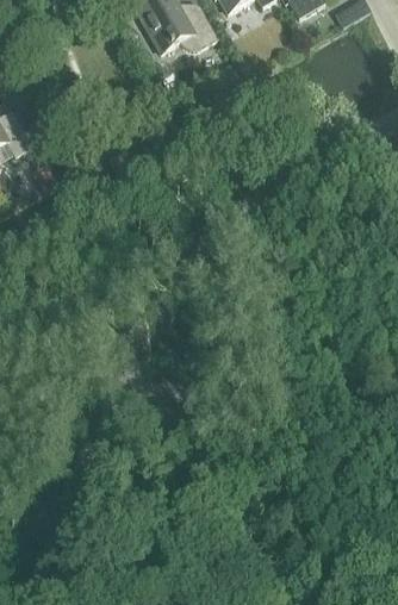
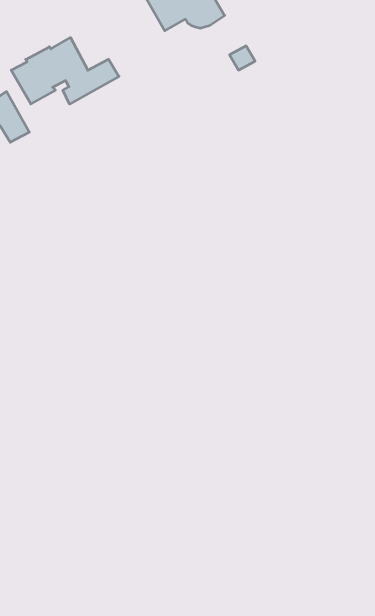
building: none -> [11,38,119,104]

